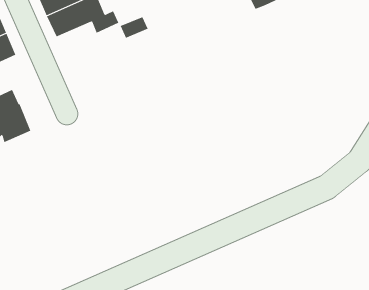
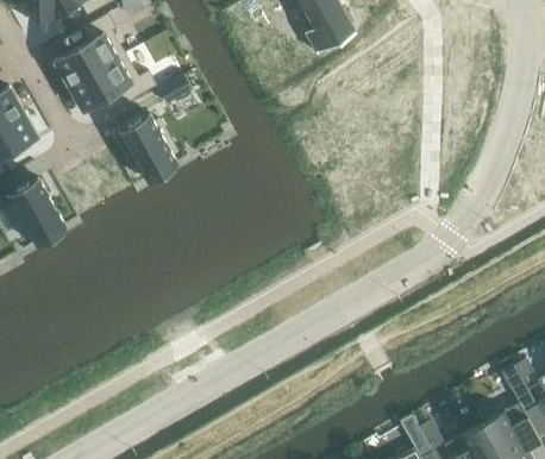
building: none -> [119,118,177,182]

